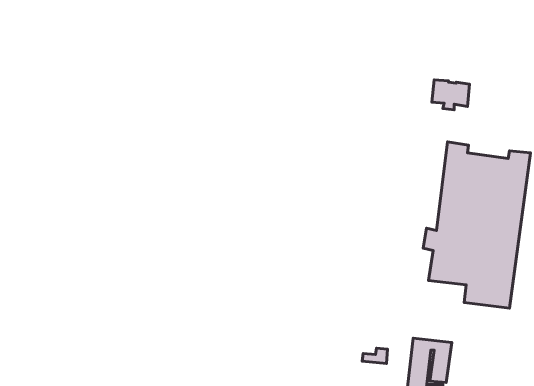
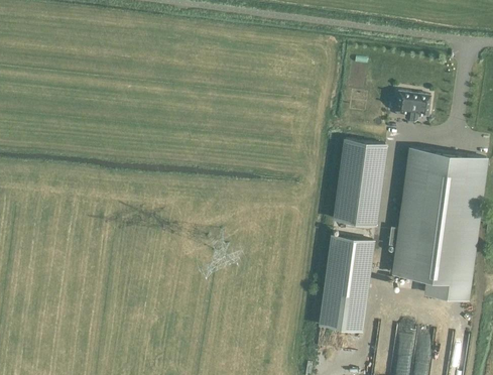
building: none -> [335,140,385,226]
building: none -> [321,236,373,332]

